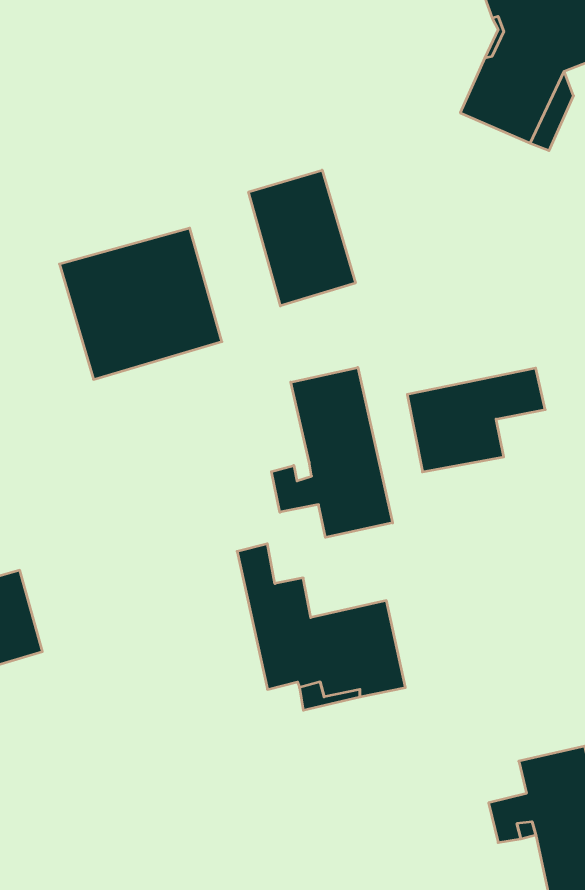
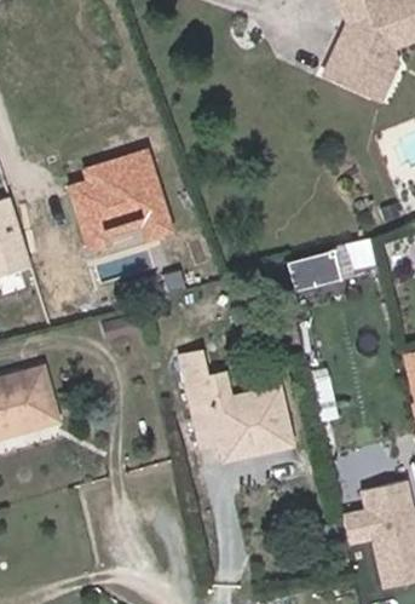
building: [249,170,355,306] -> none
building: [271,367,393,537] -> none

